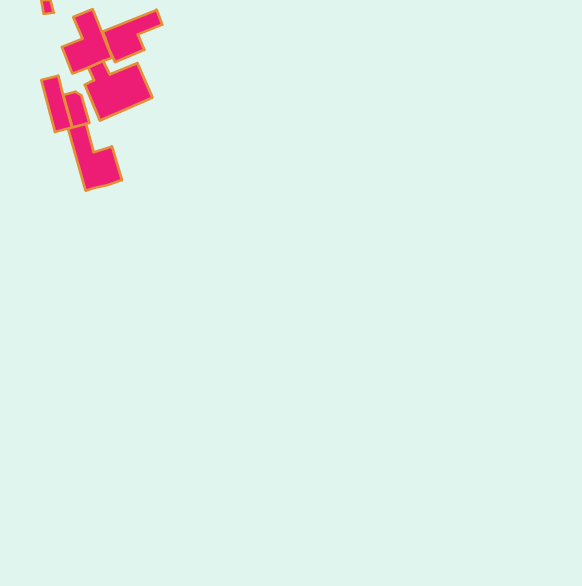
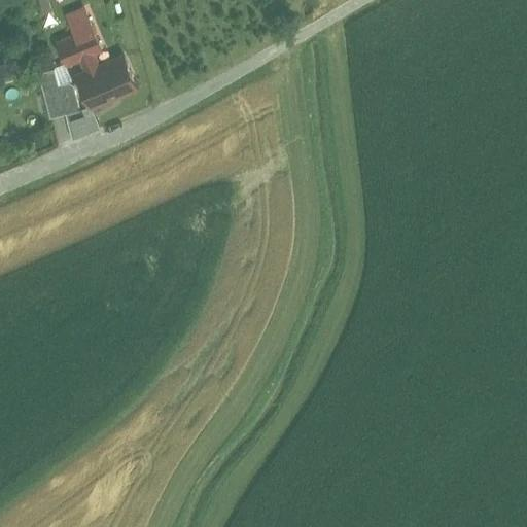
building: [103,10,162,62] -> none
building: [68,124,122,191] -> none

